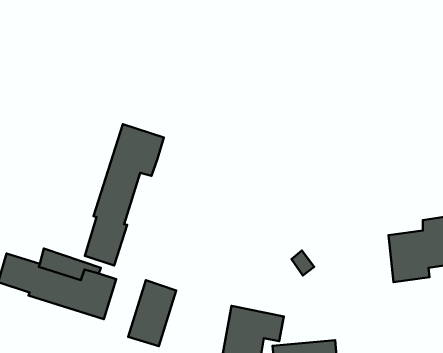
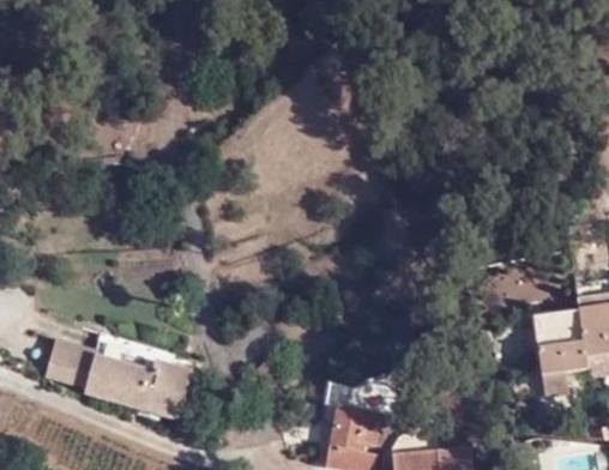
building: [85,124,164,266] -> none
building: [128,280,176,346] -> none

